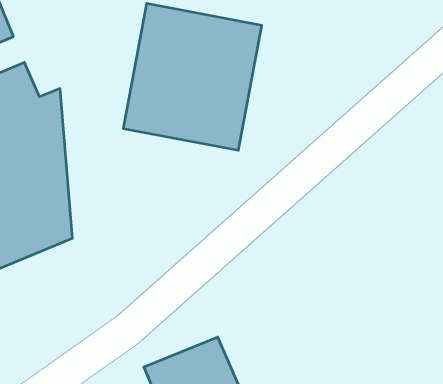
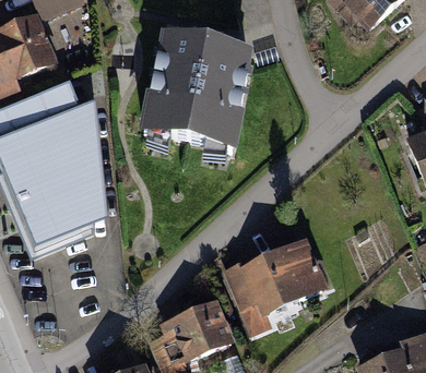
building: none -> [227,239,328,318]

